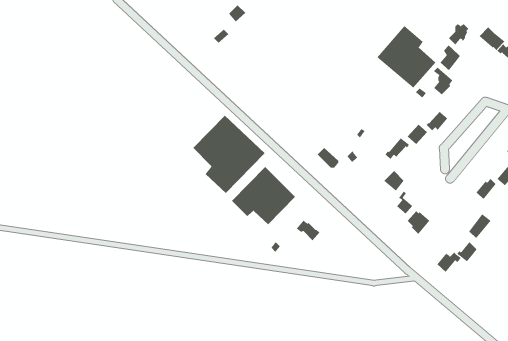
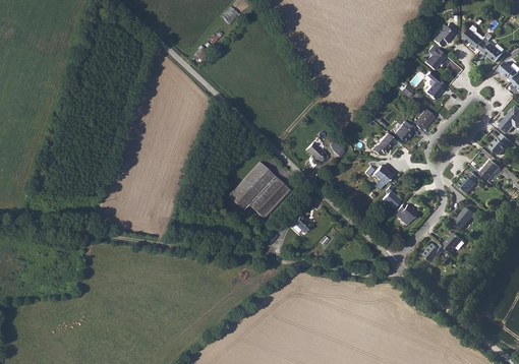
building: [376,25,436,89] -> none
building: [192,115,265,194] -> none

